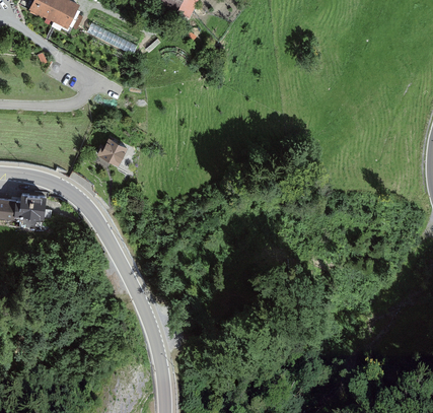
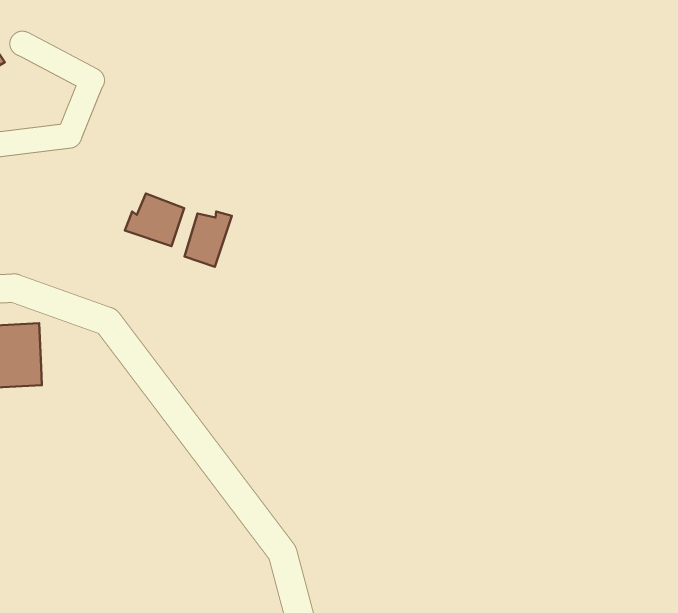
building: none -> [184,211,232,267]

